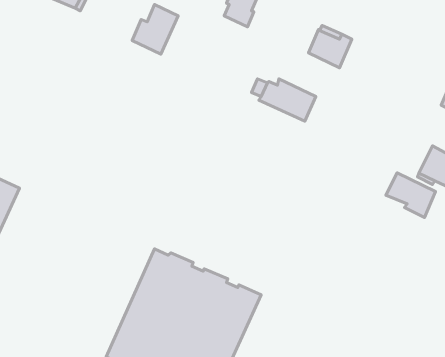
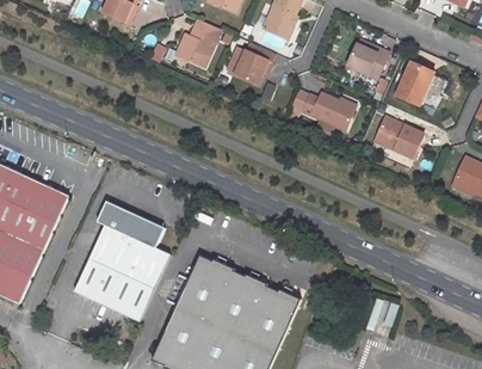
building: none -> [234,45,276,86]
building: none -> [395,63,433,107]
building: [386,173,436,217] -> [373,116,421,159]
building: none -> [74,202,171,322]

